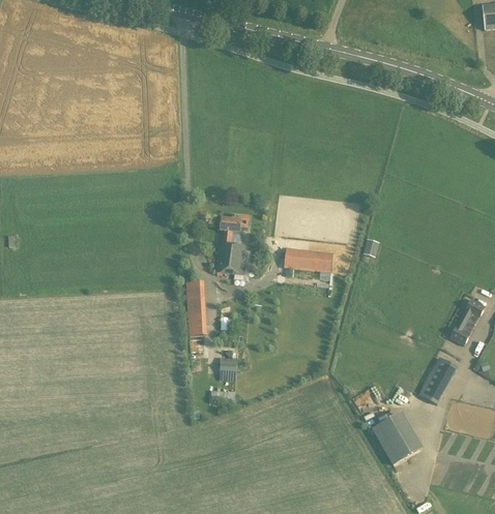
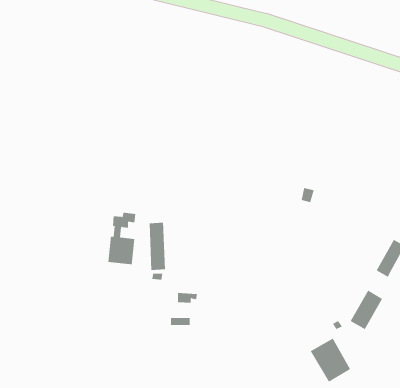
building: [215,213,249,274] -> [108,212,136,265]
building: [284,246,332,271] -> none

